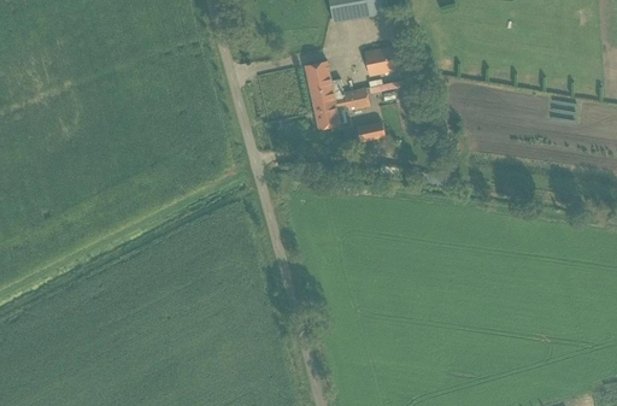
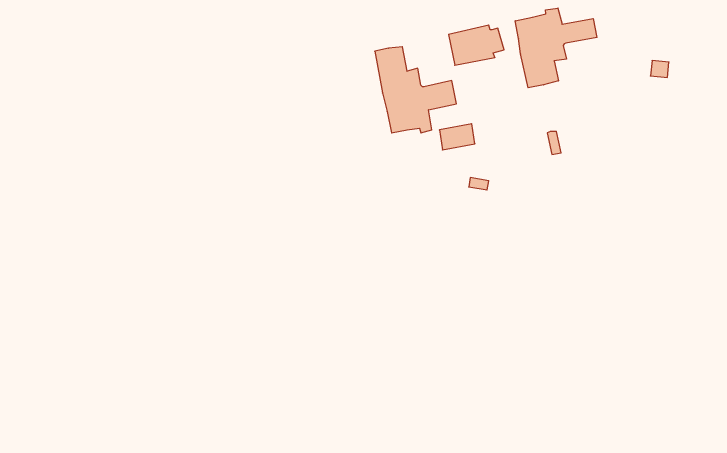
building: none -> [515,8,597,88]

